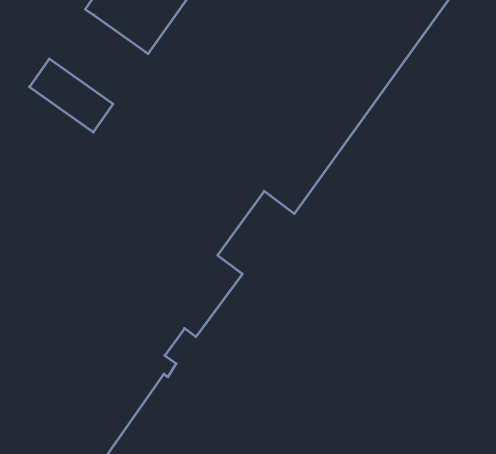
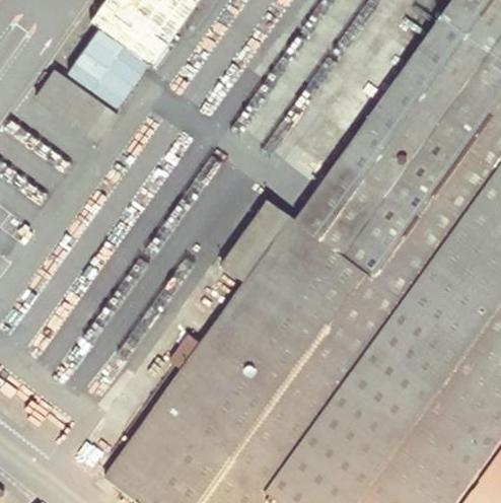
building: none -> [69,25,150,105]

